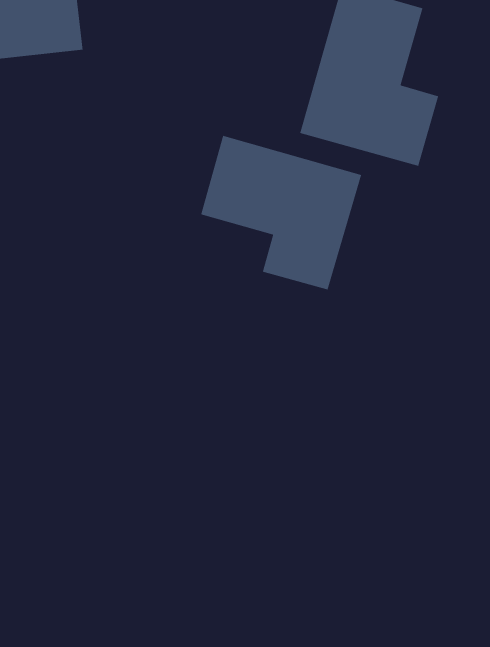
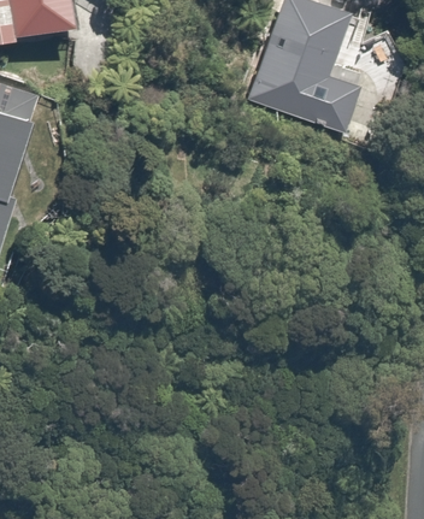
building: [200,135,362,291] -> none

